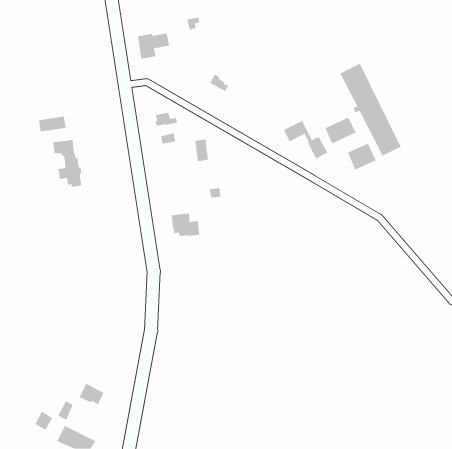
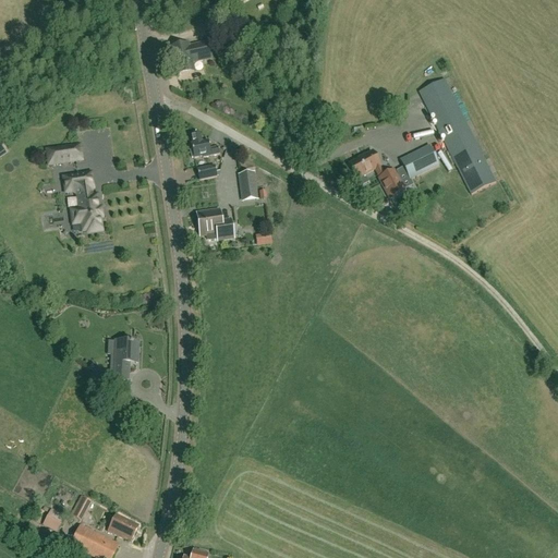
building: [347,143,377,170] -> none
building: [171,213,200,237] -> [197,208,233,238]
building: none -> [113,339,138,378]
building: [79,383,104,405] -> [107,512,138,539]

